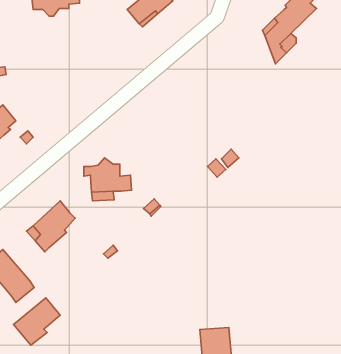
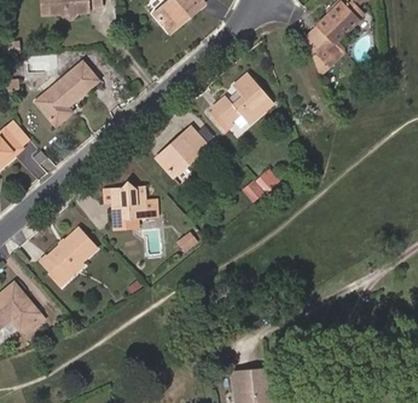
building: none -> [35,63,97,125]
building: none -> [208,73,272,133]
building: none -> [155,127,208,178]
building: [14,298,60,345] -> none

